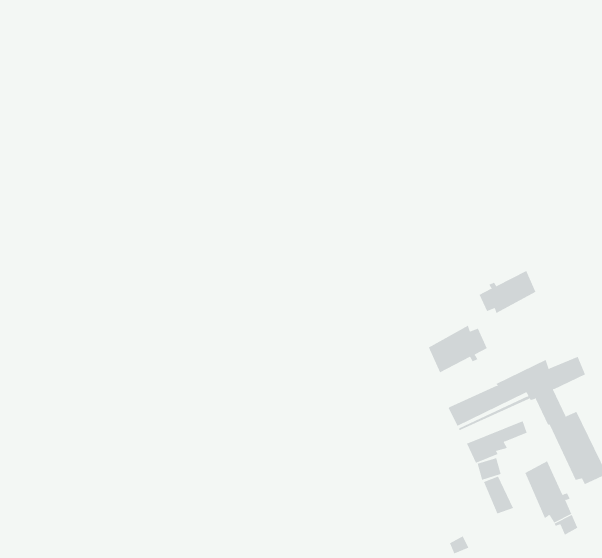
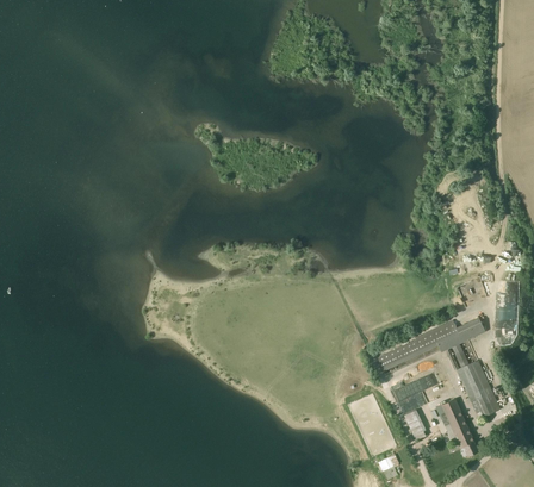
building: [479,270,536,314] -> none
building: [428,325,488,373] -> none

